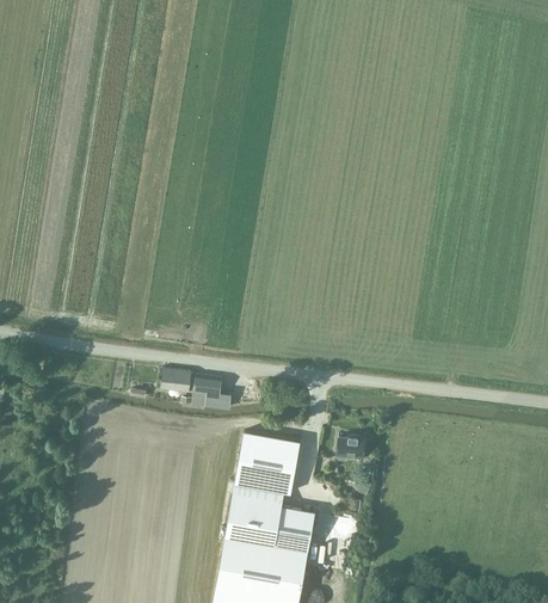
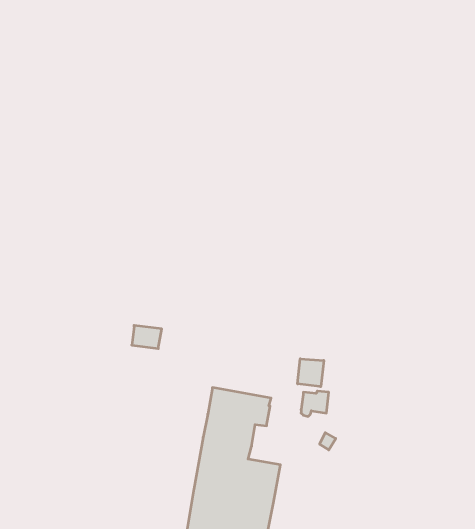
building: [180,374,232,410] -> none
building: none -> [298,359,324,387]

